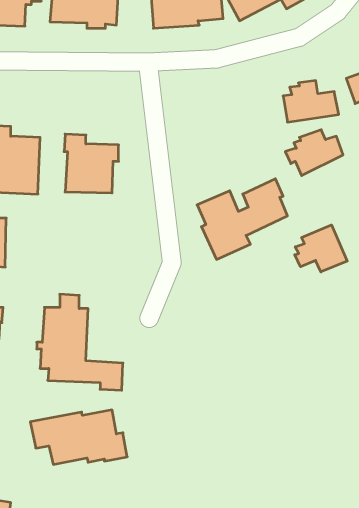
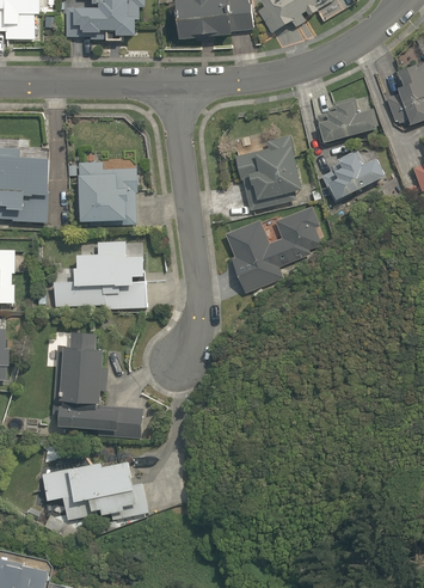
building: none -> [235,124,301,210]
building: none -> [54,241,146,308]
building: [295,225,347,272] -> none

